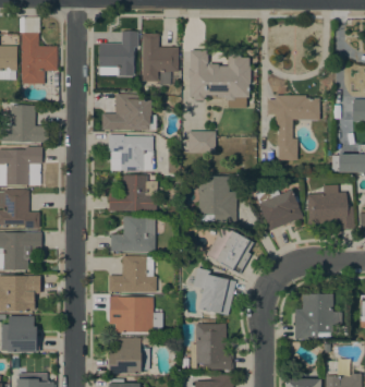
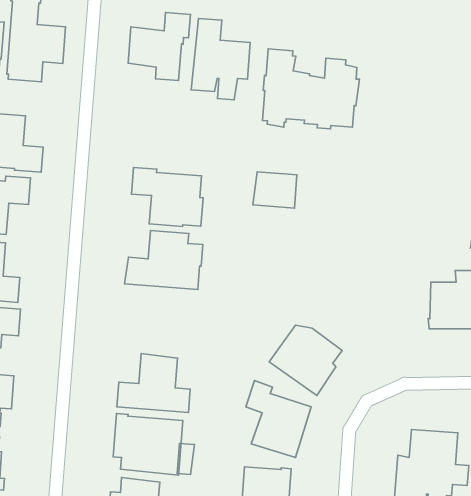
building: [101,94,156,130] -> none
building: [267,95,319,160] -> none
building: [198,176,235,221] -> none
building: [256,188,303,230] -> none
building: [110,216,155,251] -> none

